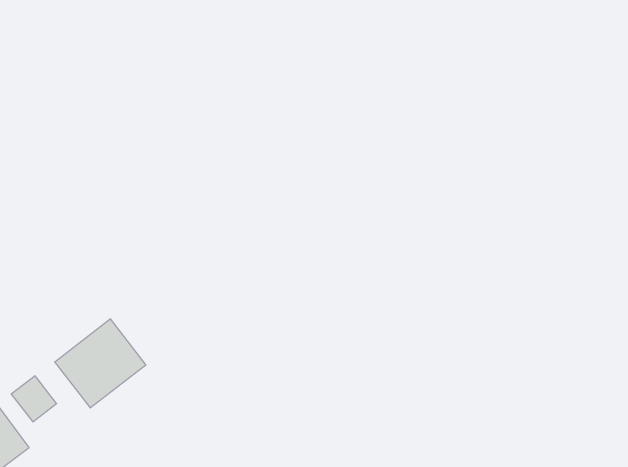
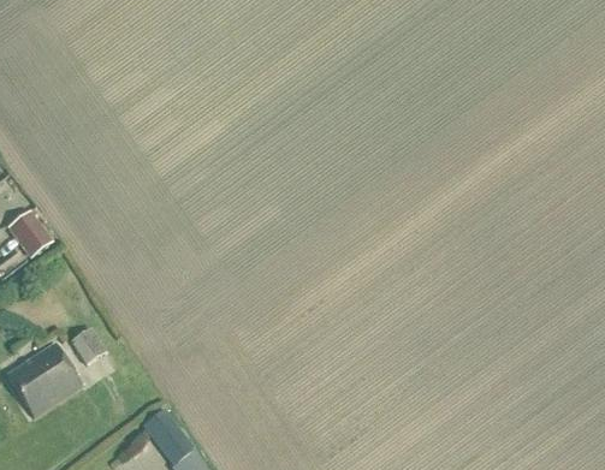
building: [55,319,146,408] -> none

